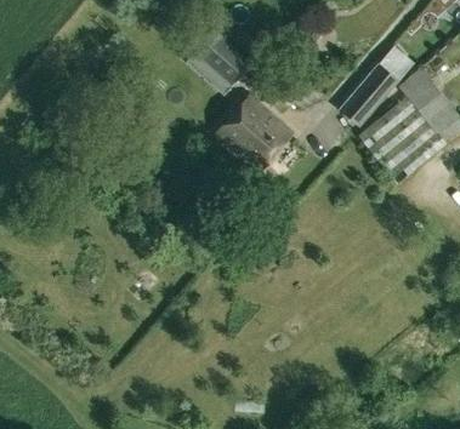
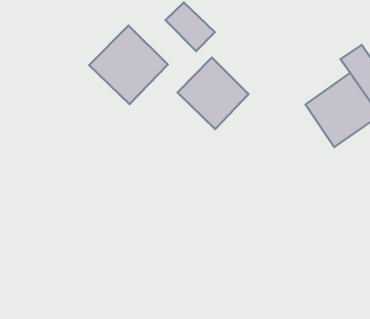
building: none -> [89,25,168,104]
building: [341,63,398,125] -> none

